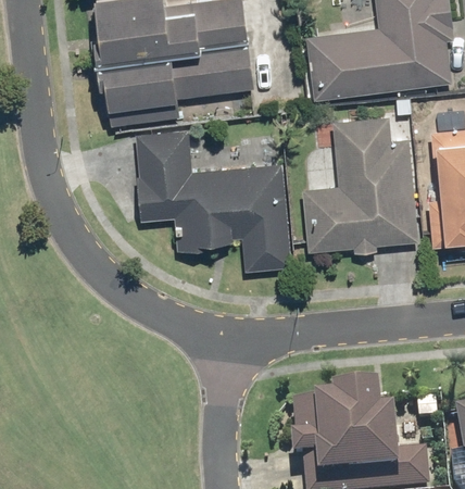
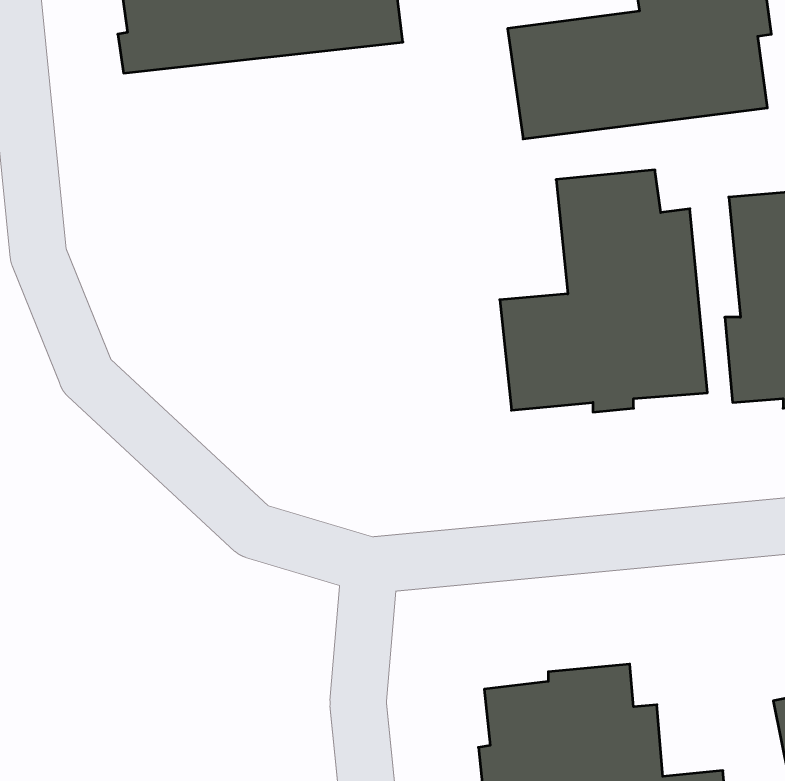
building: [92,47,253,125] -> none
building: [137,129,292,271] -> none

